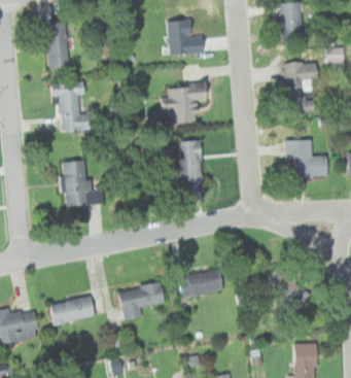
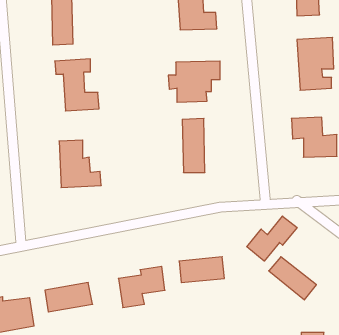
building: none -> [247,216,297,261]

